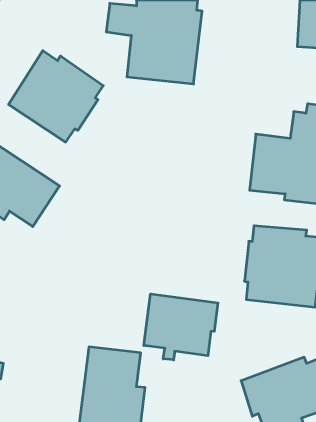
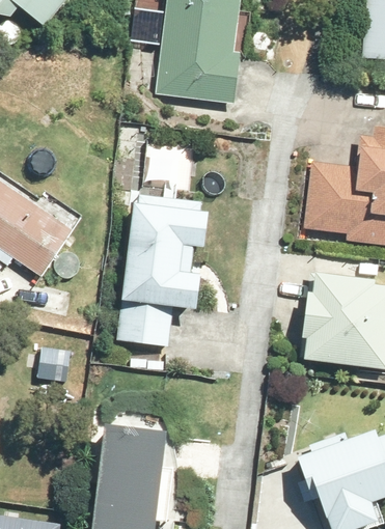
building: [9,51,103,142] -> none
building: none -> [117,192,212,345]
building: [144,294,218,360] -> none

